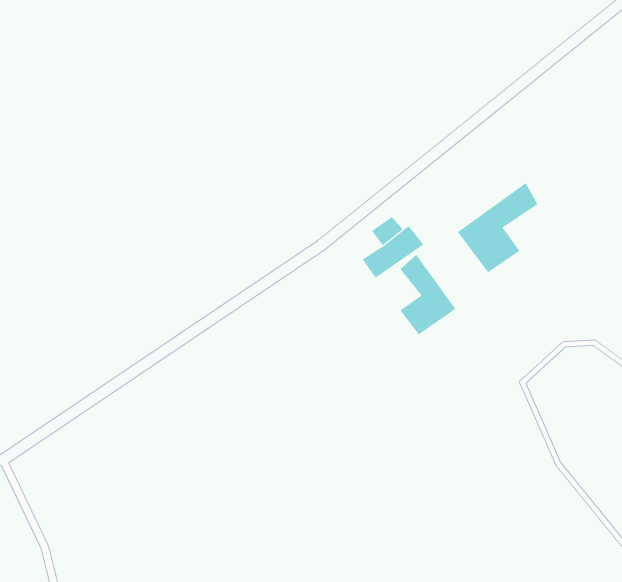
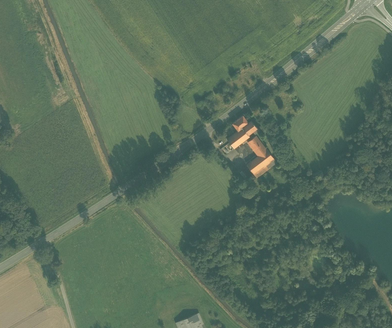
building: [457,182,538,273] -> none

